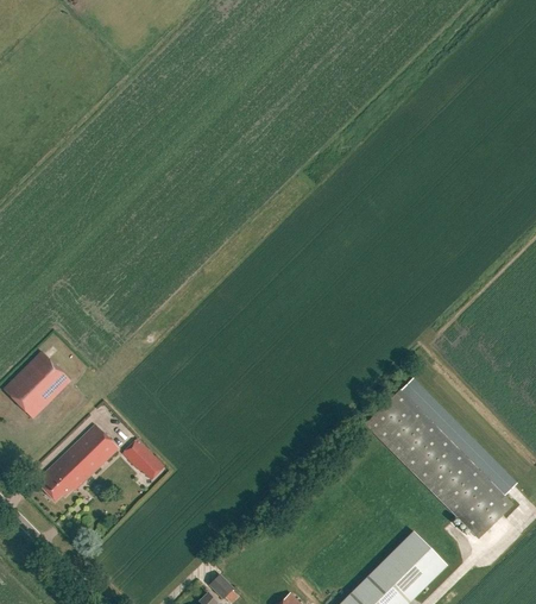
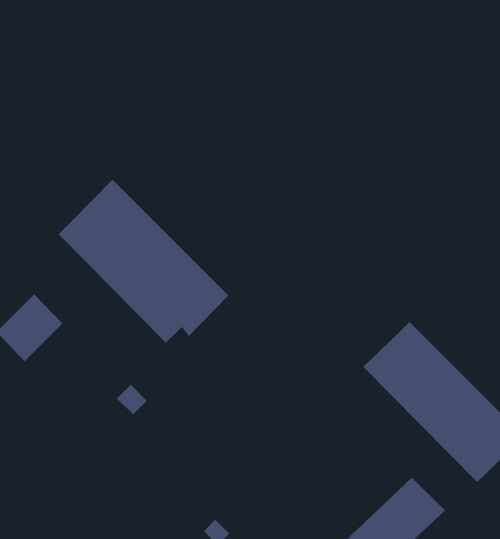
building: none -> [58,179,229,344]
building: [39,424,118,502] -> none

